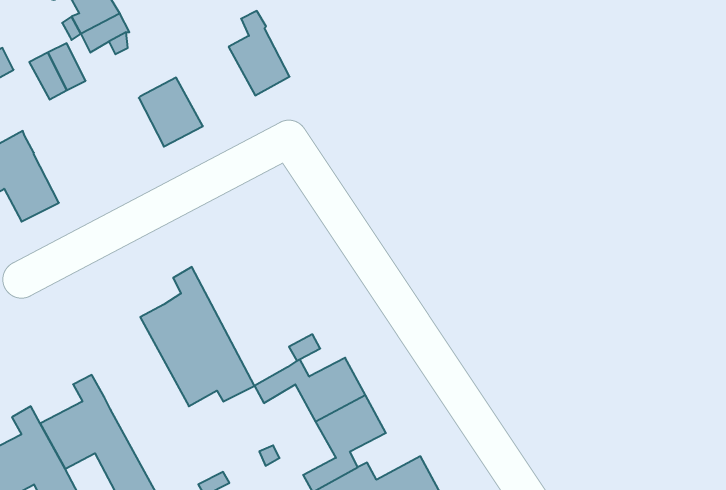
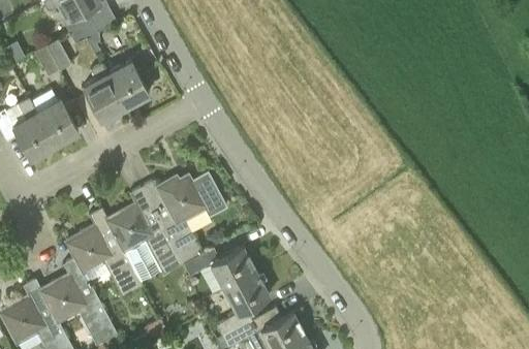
building: [229,11,290,95] -> [83,65,123,121]
building: none -> [31,91,77,146]
building: none -> [142,169,225,266]
building: none -> [66,210,144,298]

